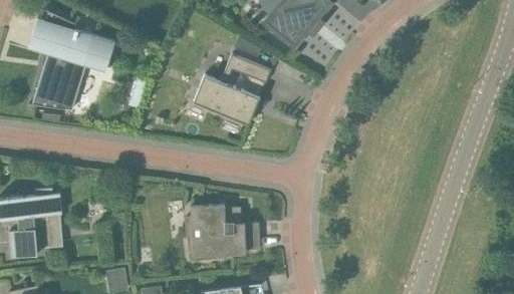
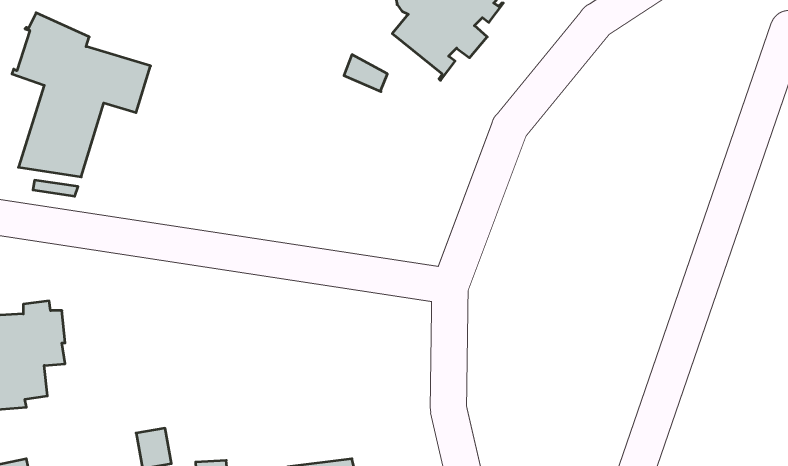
building: [193,54,271,124] -> none
building: [184,204,259,256] -> none

